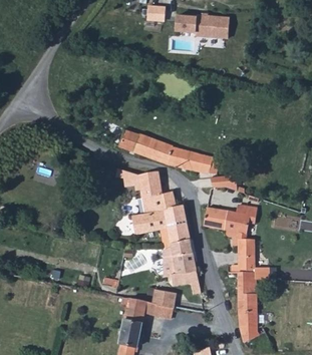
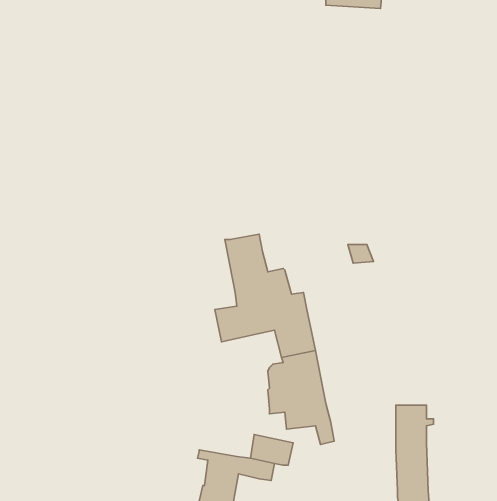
building: [117,129,219,172] -> none
building: [202,207,256,234] -> none
building: [231,238,269,279] -> none

